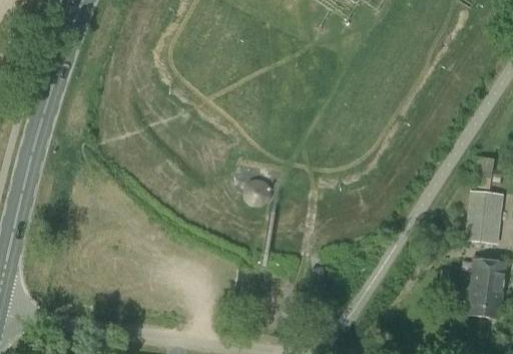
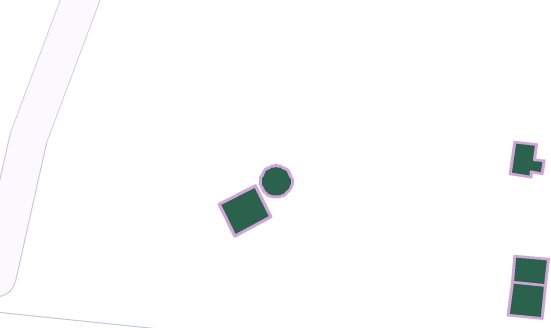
building: [465,191,501,242] -> none
building: none -> [219,186,271,236]

